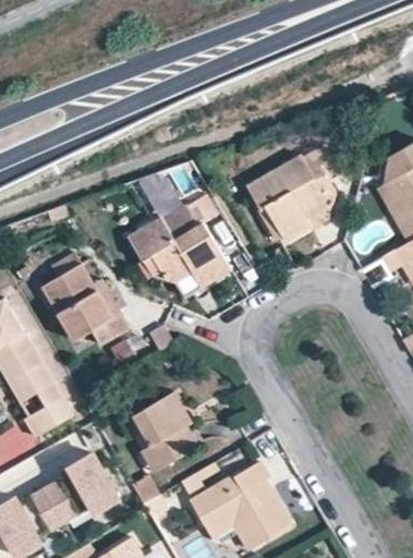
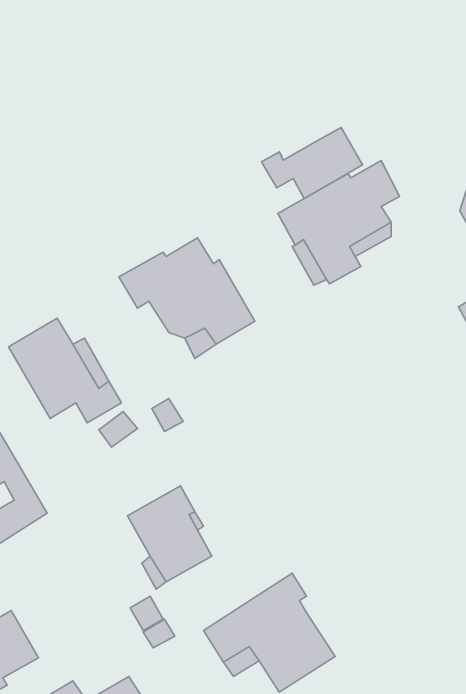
building: none -> [262,127,362,199]
building: [44,452,120,523] -> none

